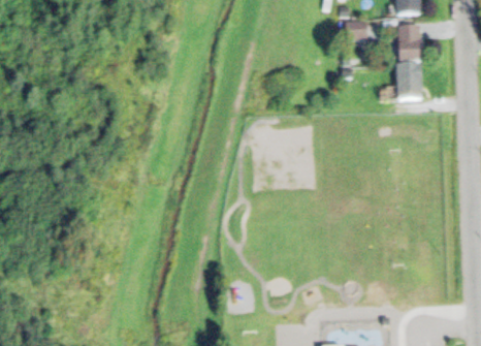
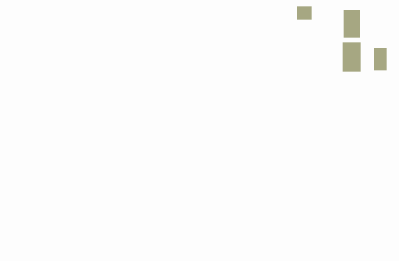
building: none -> [374,47,387,71]

